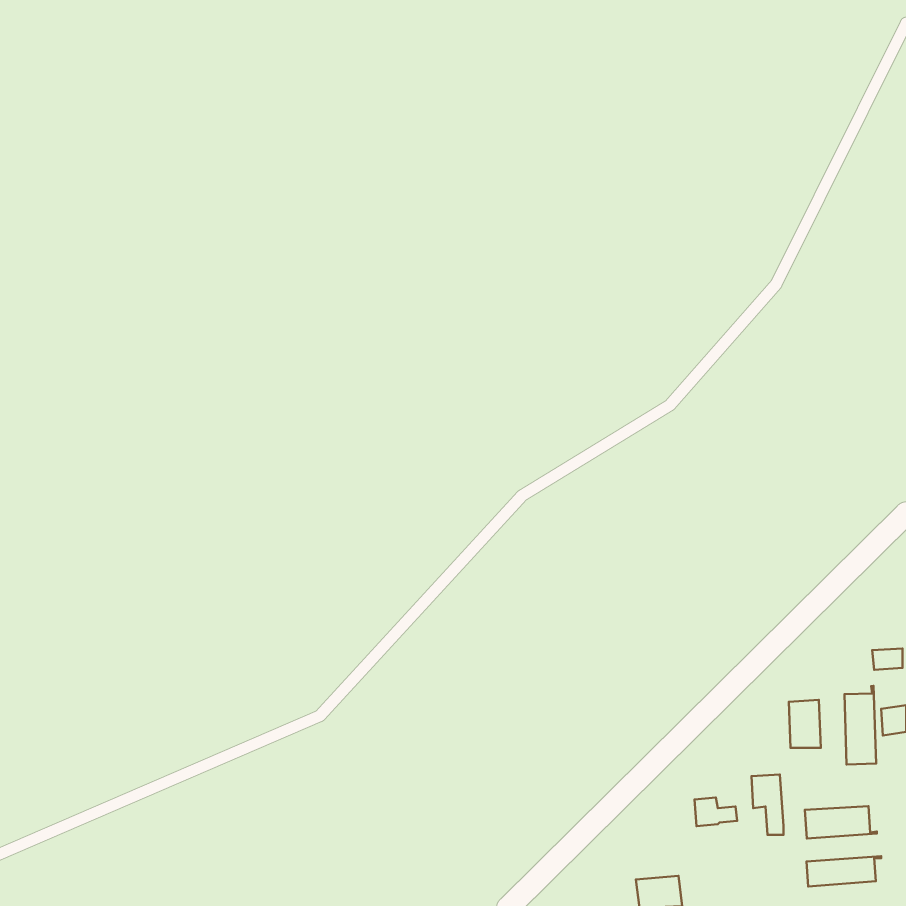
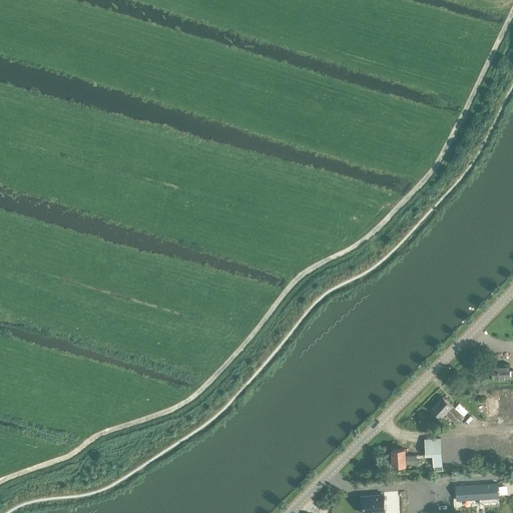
building: [844,686,876,765] -> none
building: [805,806,877,838] -> none

